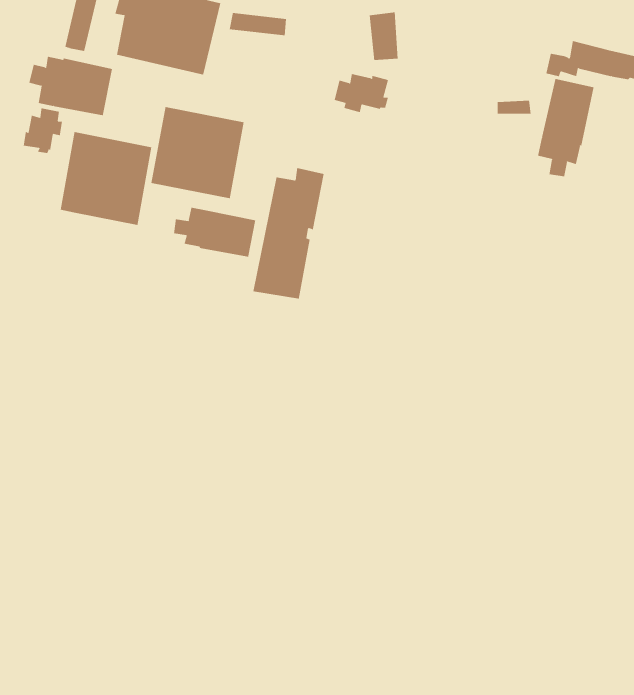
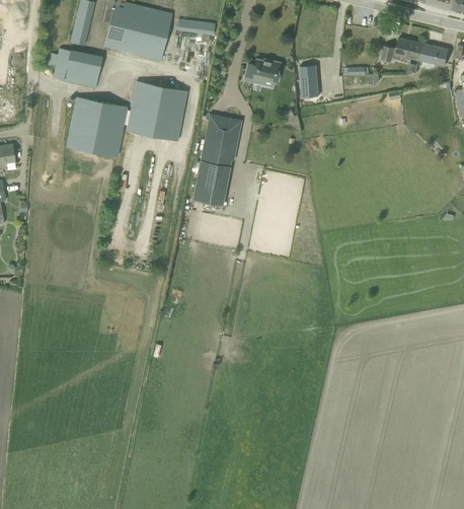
building: [369,12,398,61] -> [300,65,319,96]
building: [537,78,594,177] -> none
building: [23,108,63,154] -> none
building: [174,207,256,257] -> none

